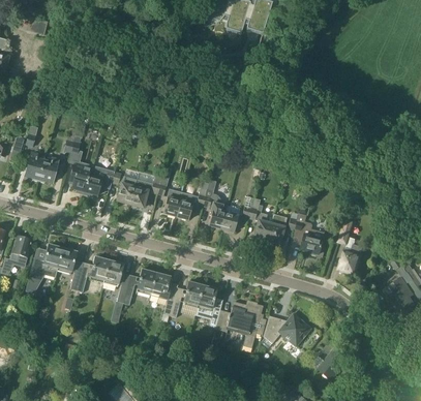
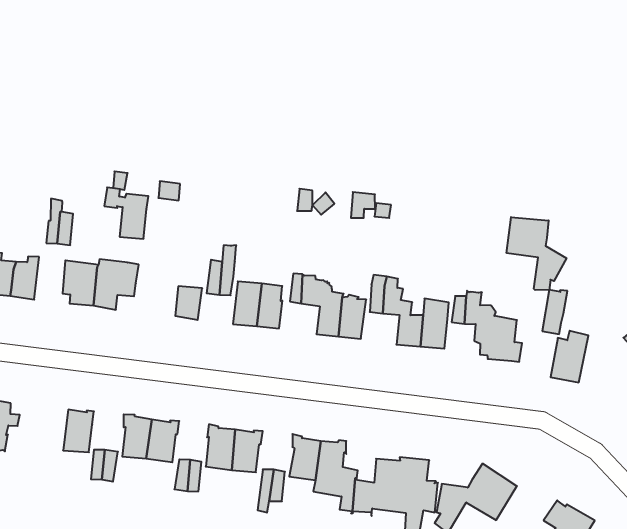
building: [111,172,137,204] -> [104,187,148,239]
building: none -> [507,217,566,290]
building: [26,243,62,292] -> none

